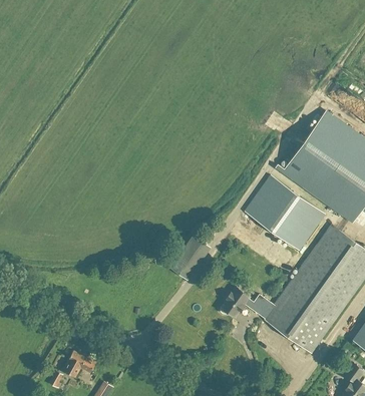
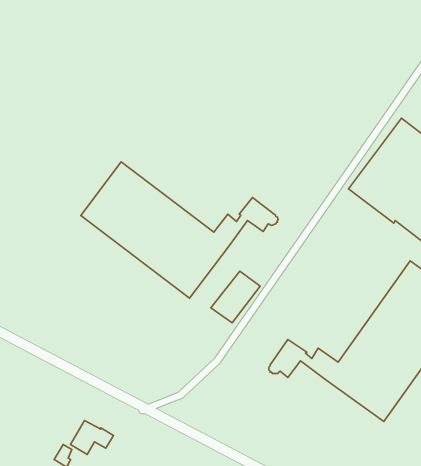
building: none -> [81,162,278,298]
building: [245,176,326,252] -> none

